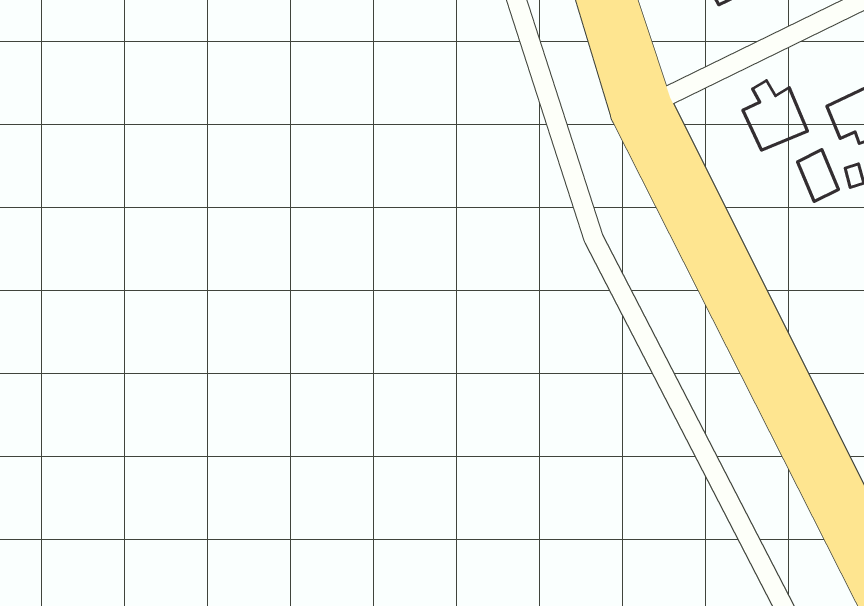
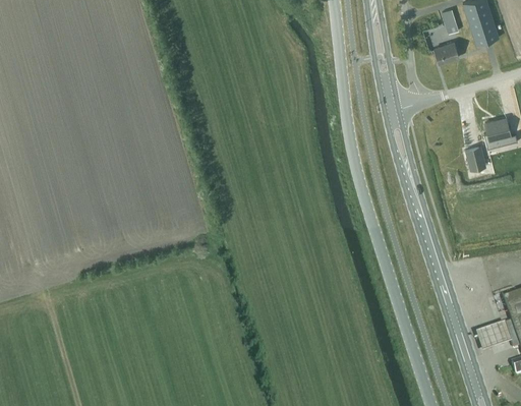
building: [743,80,808,150] -> none

